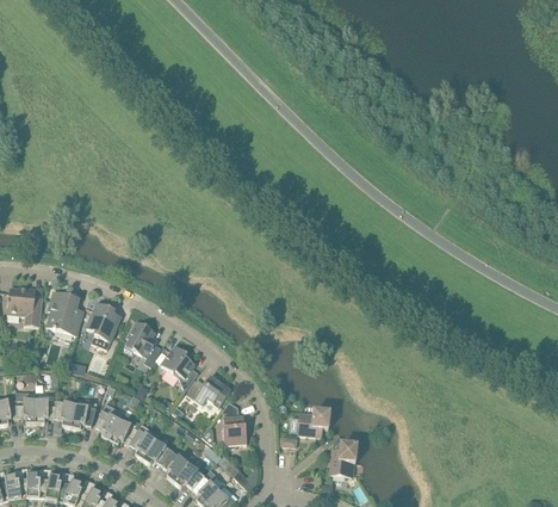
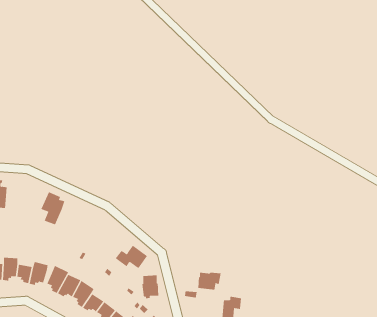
building: [46,289,83,333] -> none
building: [124,319,157,353] -> none
building: [160,344,198,390] -> none

